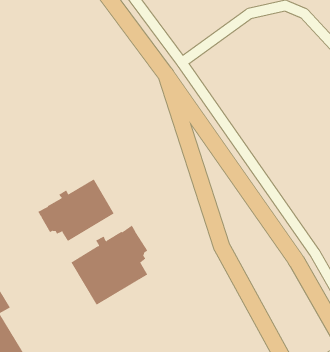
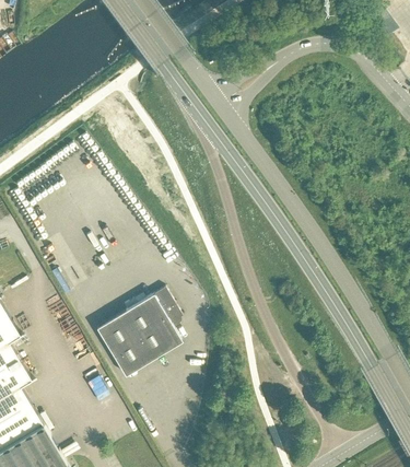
building: [37,179,114,242] -> none

